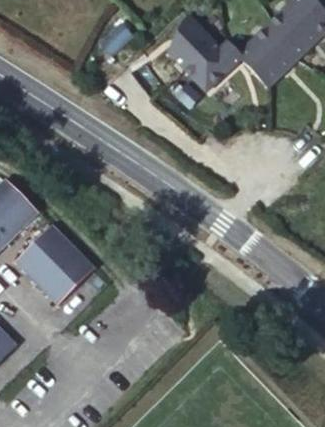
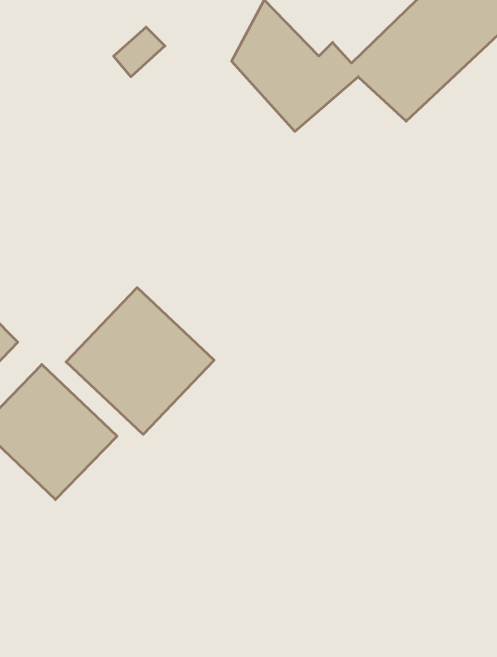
building: none -> [66,288,214,434]

